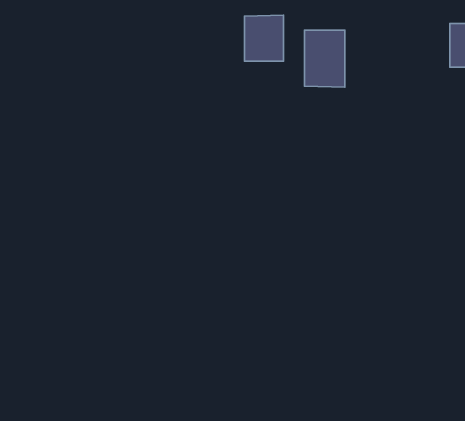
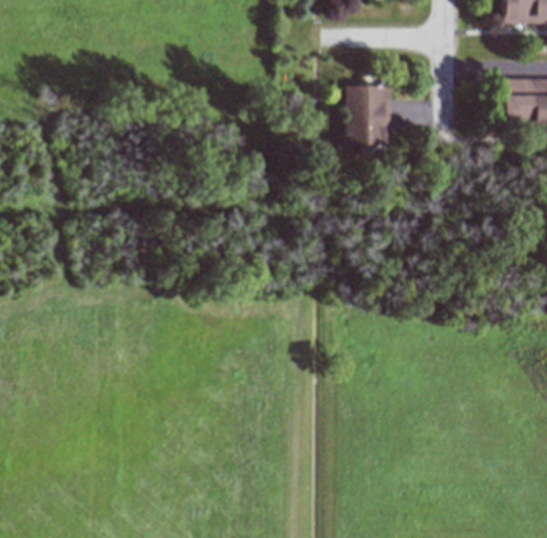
building: [245,15,283,61] -> none

